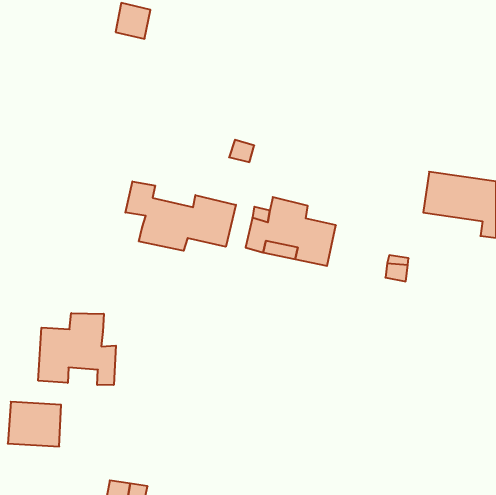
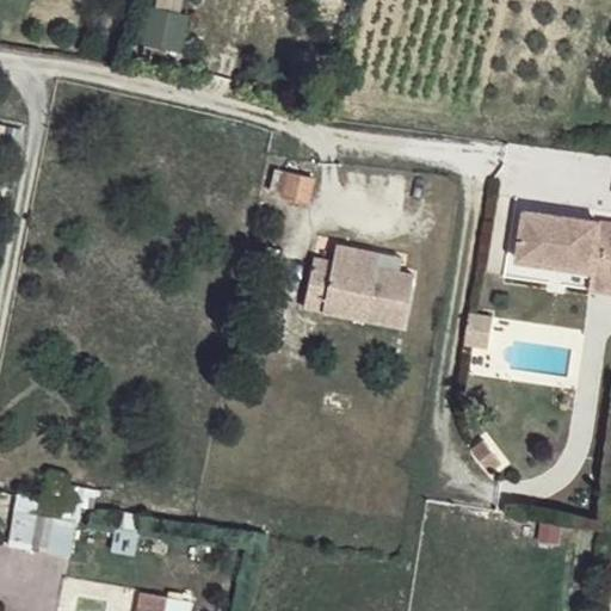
building: [125,181,236,251] -> none
building: [38,313,116,385] -> none

